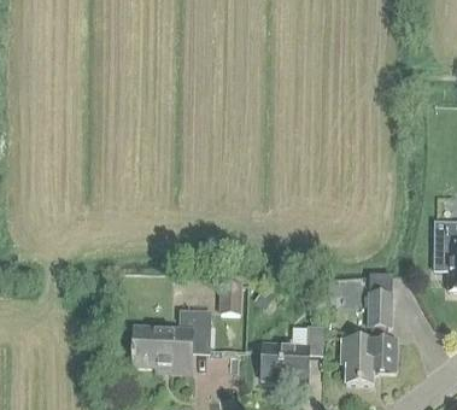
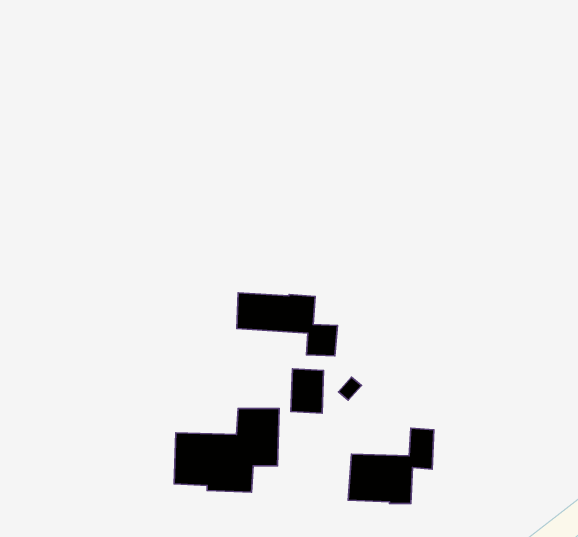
building: none -> [237,293,337,356]
building: [340,291,397,381] -> none

